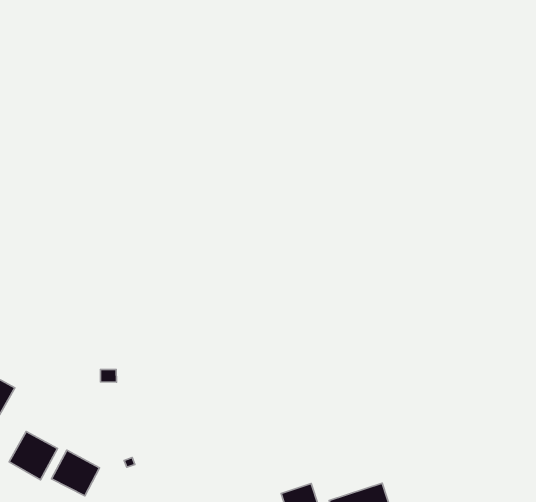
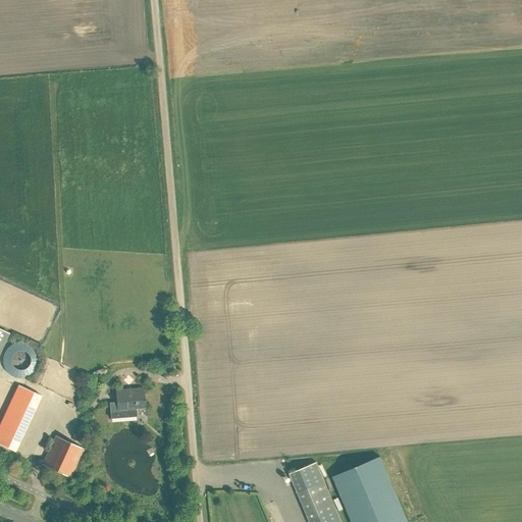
building: none -> [109,387,143,417]
building: [51,450,99,496] -> none

